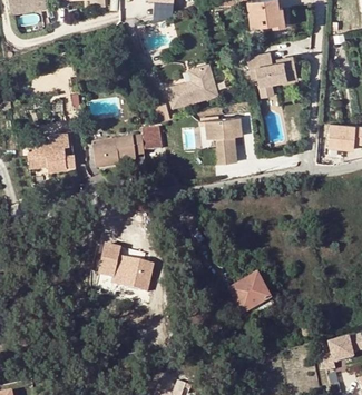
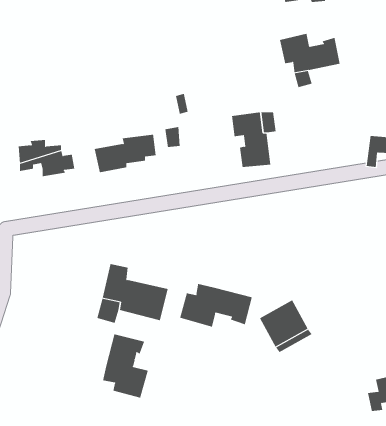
building: [167,63,218,108] -> none
building: none -> [179,283,252,328]
building: none -> [102,333,149,399]

